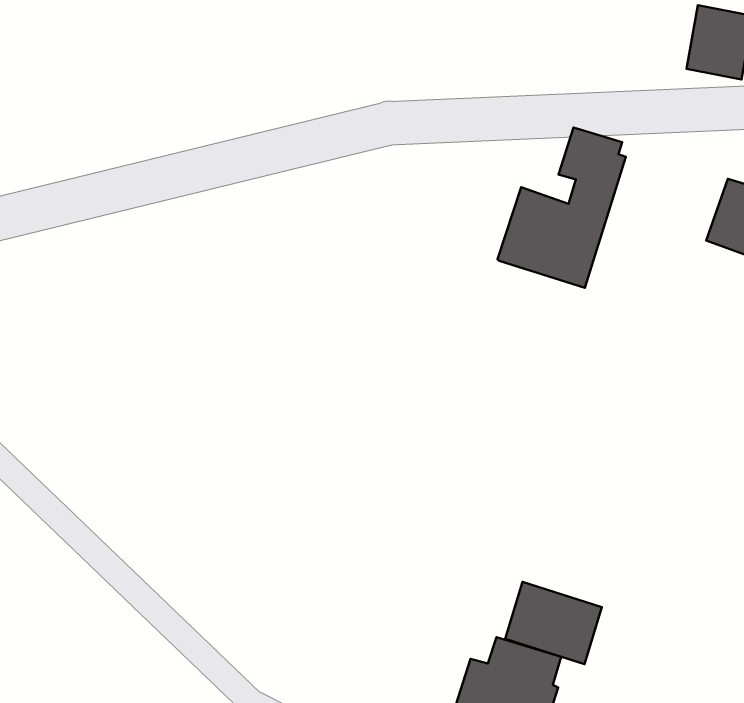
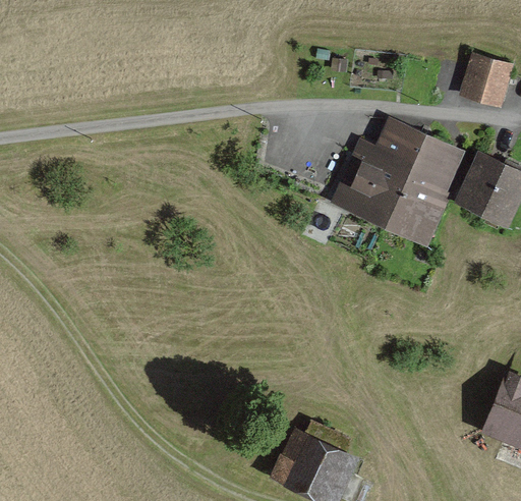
building: none -> [389,142,450,239]
building: [505,582,602,664] -> none

